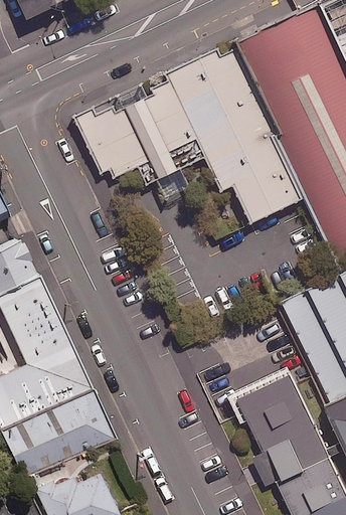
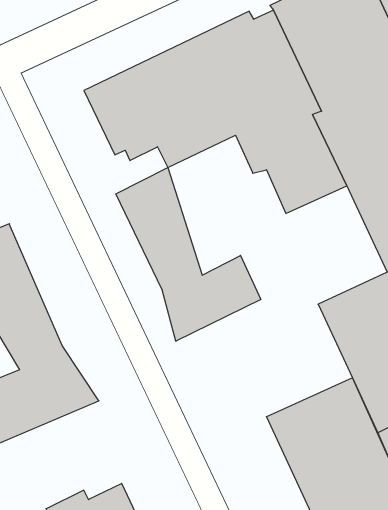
building: none -> [116,167,261,341]
building: [13,388,119,479] -> none

